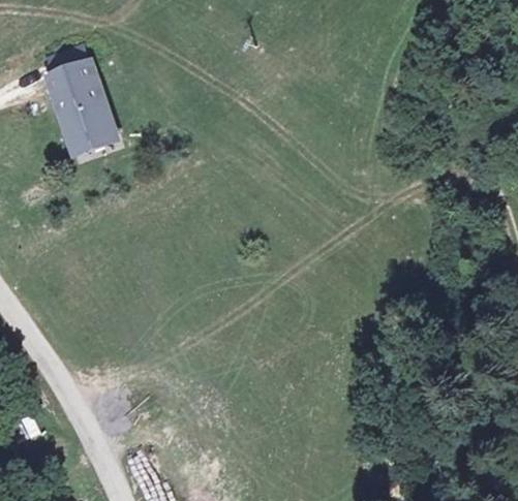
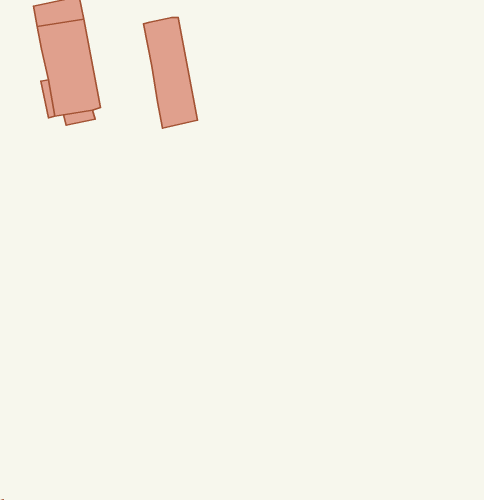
building: none -> [143,17,197,128]

